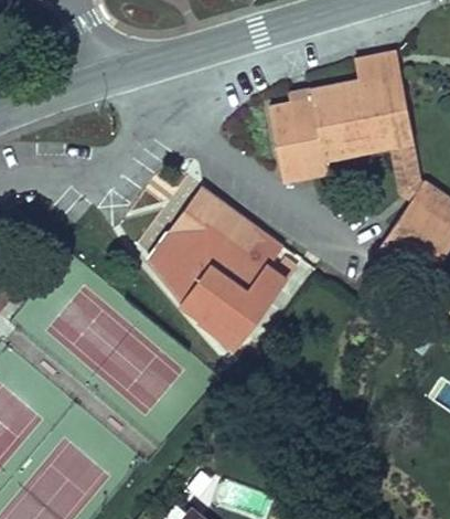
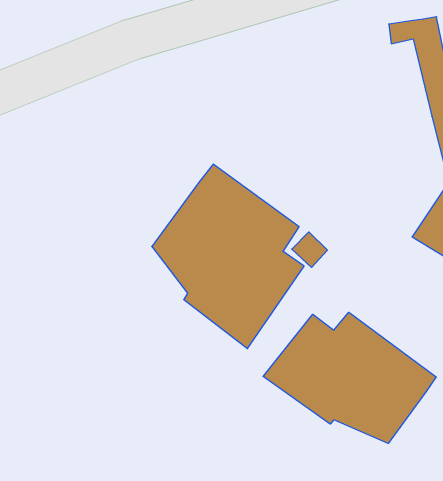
building: [272,73,396,180] -> none
building: none -> [263,312,436,443]

